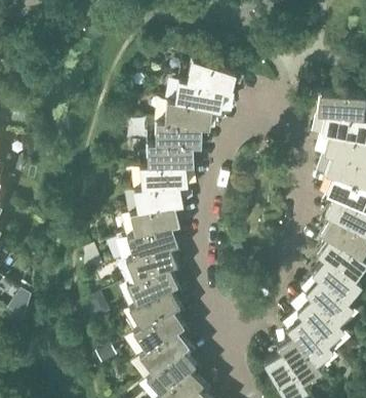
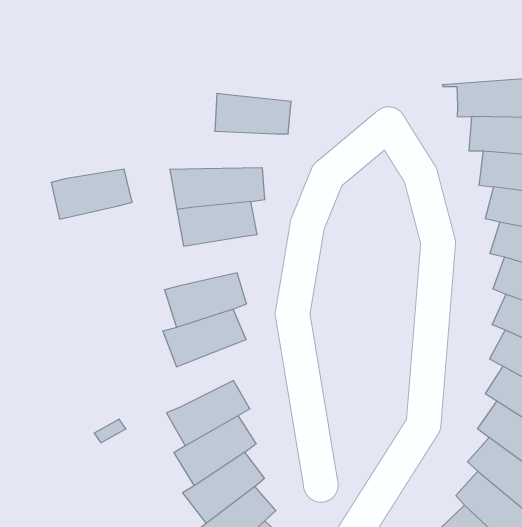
building: [190,65,244,97] -> none
building: [167,106,212,131] -> none
building: [143,169,188,193] -> [51,169,132,219]
building: [119,231,177,265] -> none

